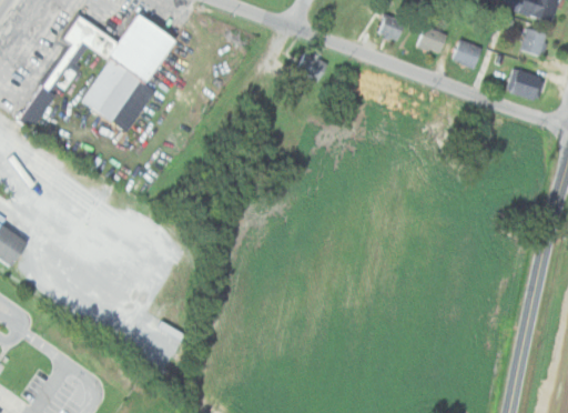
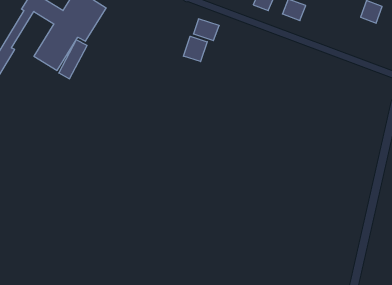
building: [450,40,480,69] -> none
building: [504,68,541,101] -> none
building: none -> [183,36,207,62]

